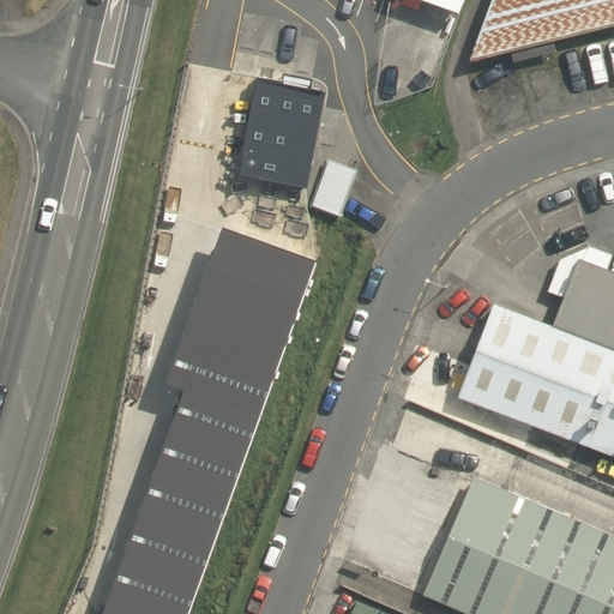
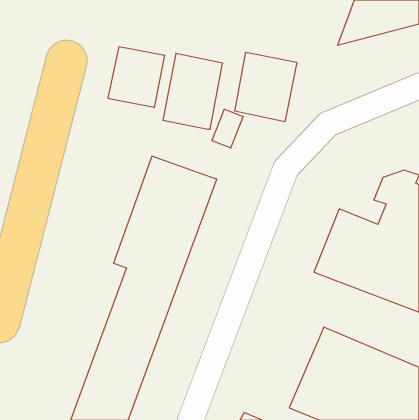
building: none -> [108,47,164,108]
building: none -> [235,52,297,122]

